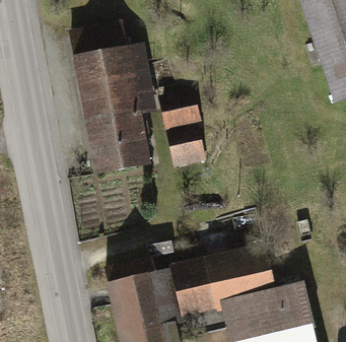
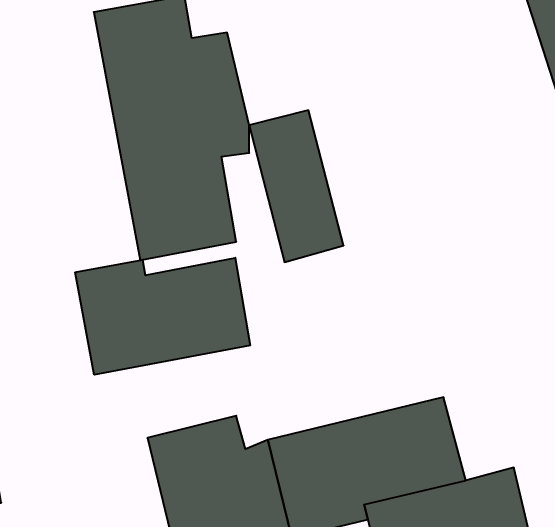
building: none -> [75,258,250,375]

